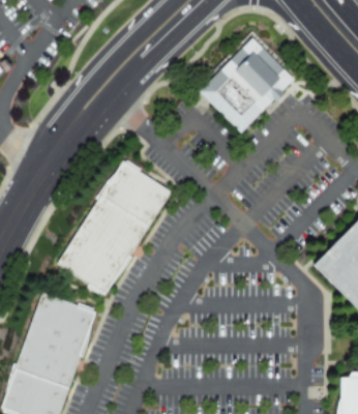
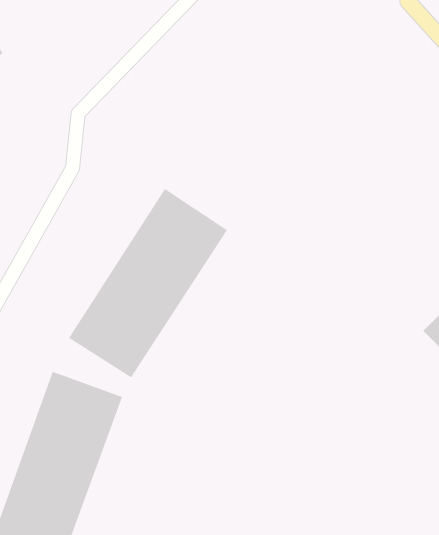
building: [196,39,290,135] -> none

